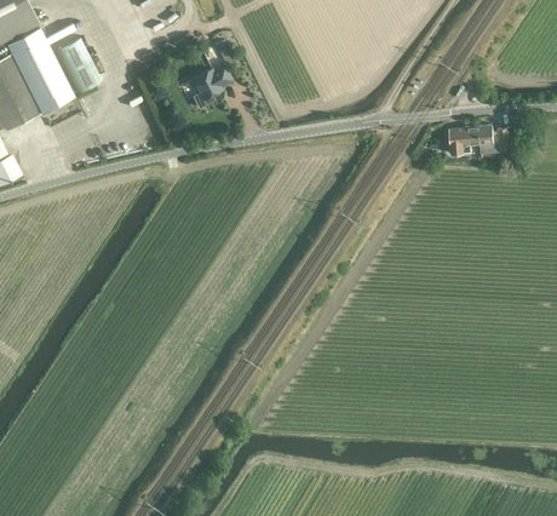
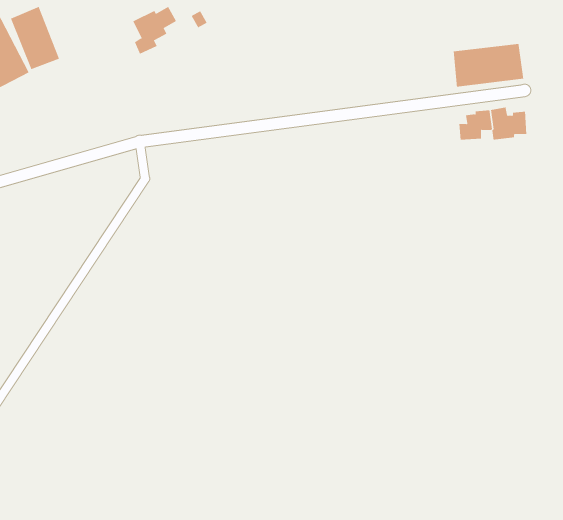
building: [191,65,230,108] -> [133,6,177,54]
building: none -> [453,43,524,88]

